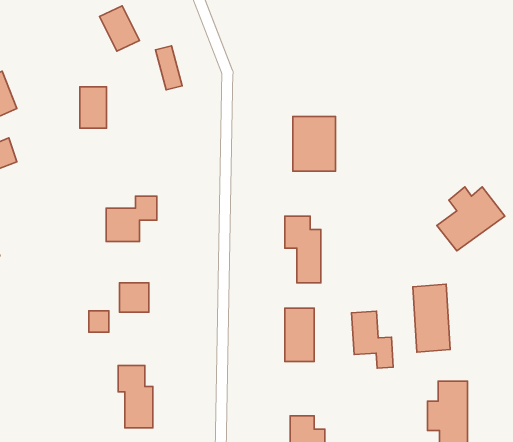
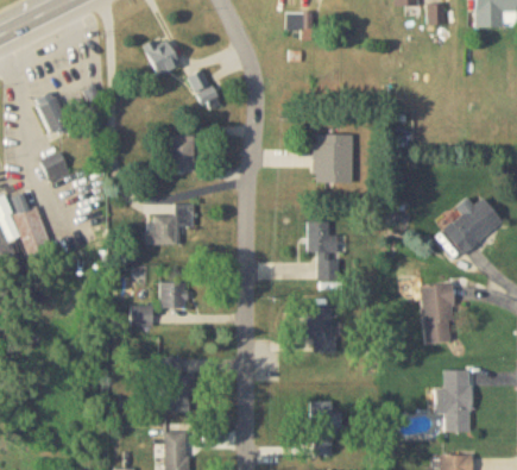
building: [80,87,107,128] -> [170,134,194,171]
building: [352,311,393,368] -> none

